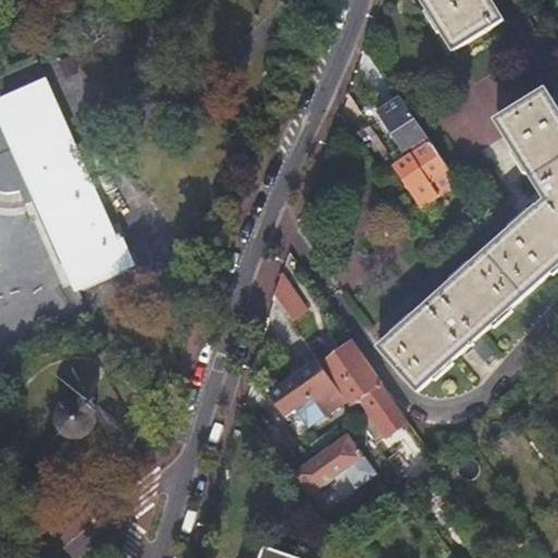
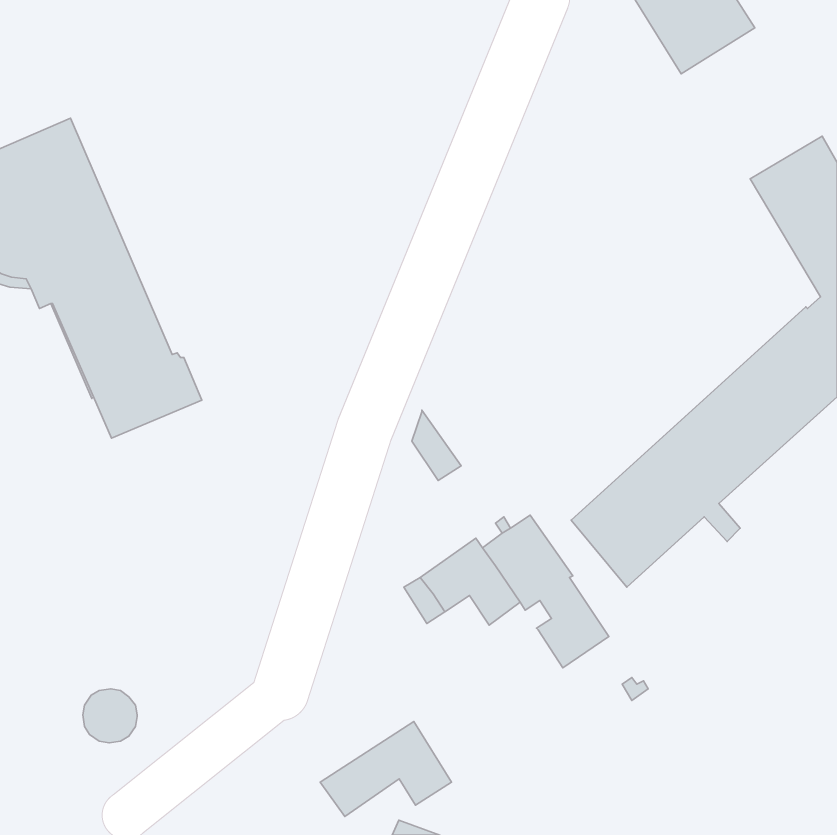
building: [375,95,450,194] -> none
building: [57,401,93,437] -> [83,689,137,743]
building: [289,432,376,495] -> [320,721,452,817]

